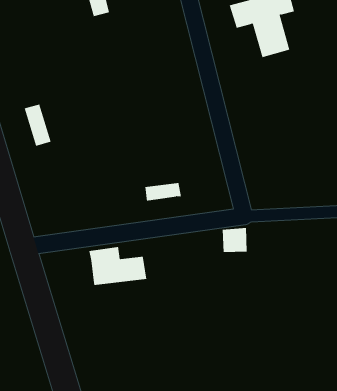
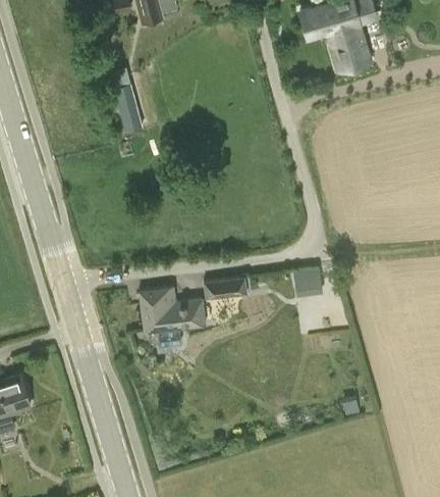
building: [24,104,51,146] -> [112,83,144,132]
building: [145,183,182,201] -> [204,278,246,299]

